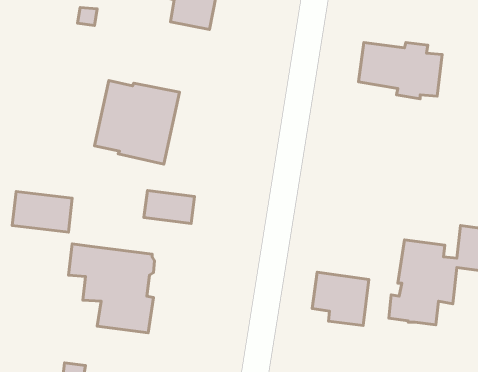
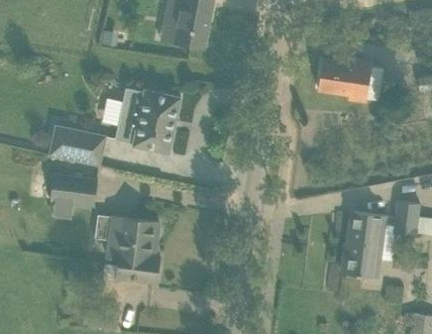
building: none -> [49,125,105,164]
building: [144,191,194,223] -> none
building: [312,272,369,326] -> none

